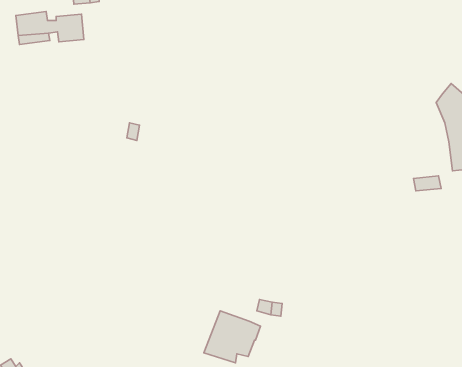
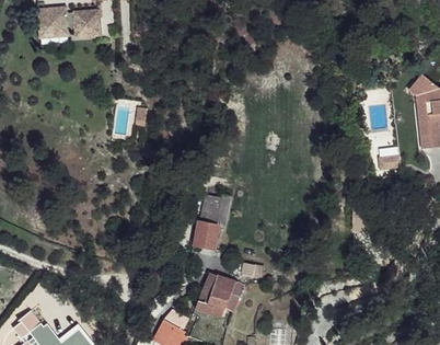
building: none -> [194,194,232,250]

